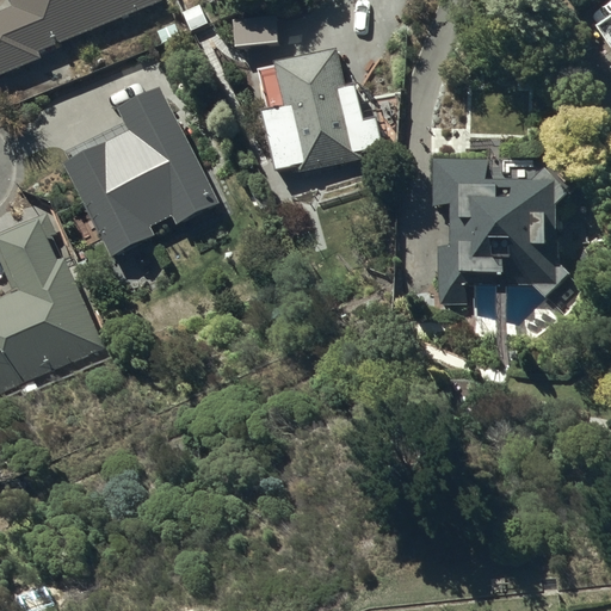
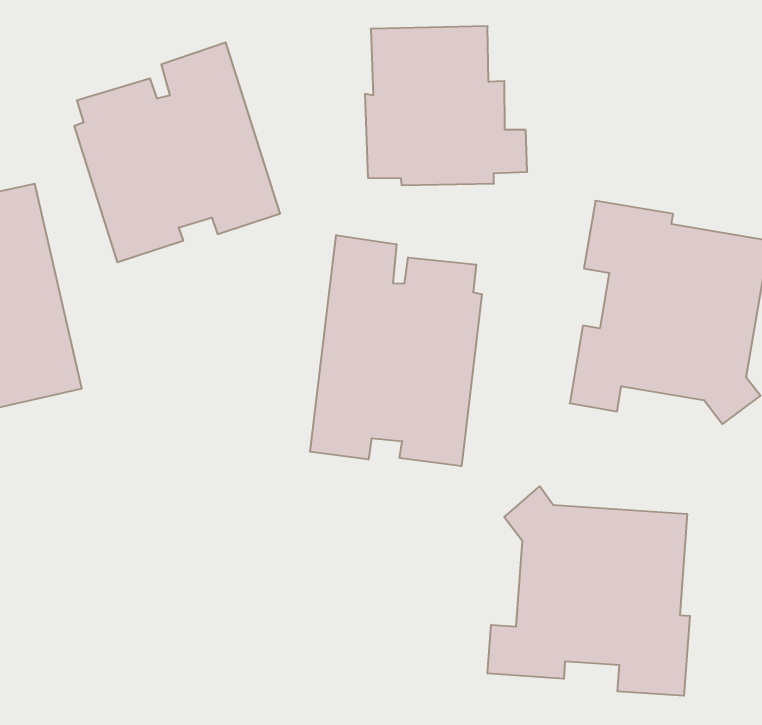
building: none -> [310,235,482,466]
building: none -> [488,486,690,696]

